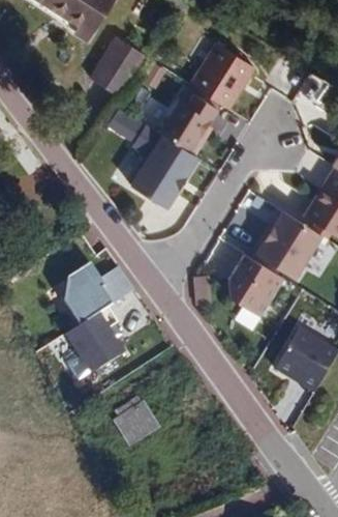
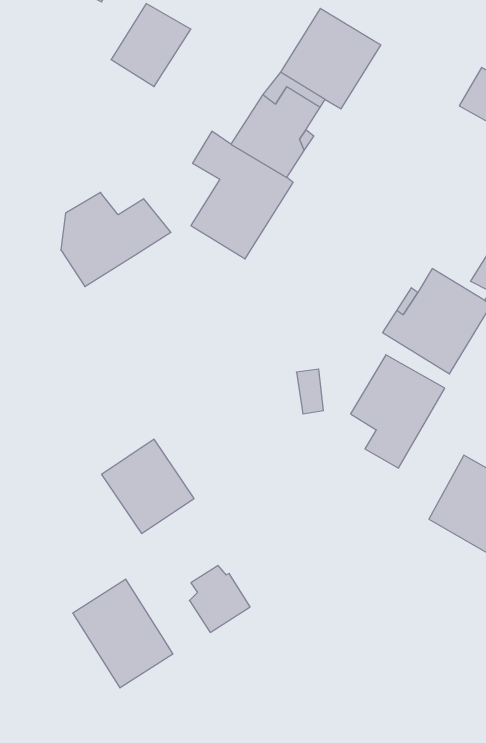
building: [67,265,139,326] -> [61,192,171,287]
building: none -> [73,579,173,688]

